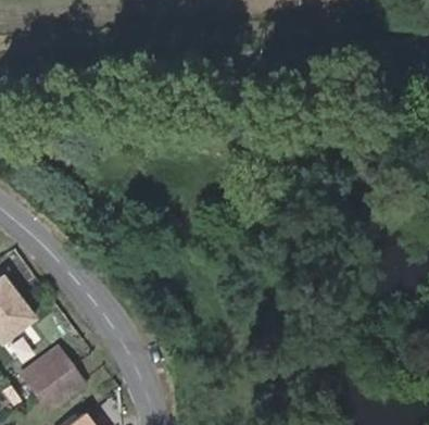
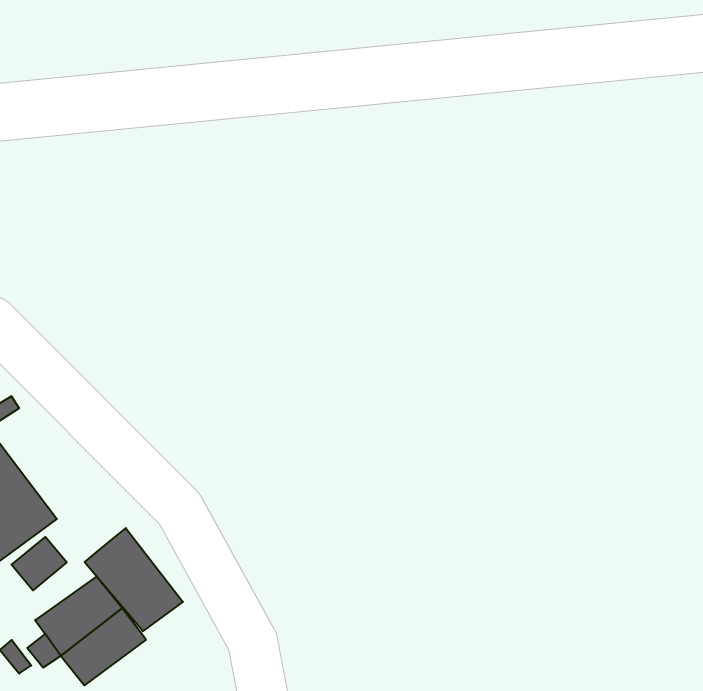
building: none -> [85,528,183,631]

